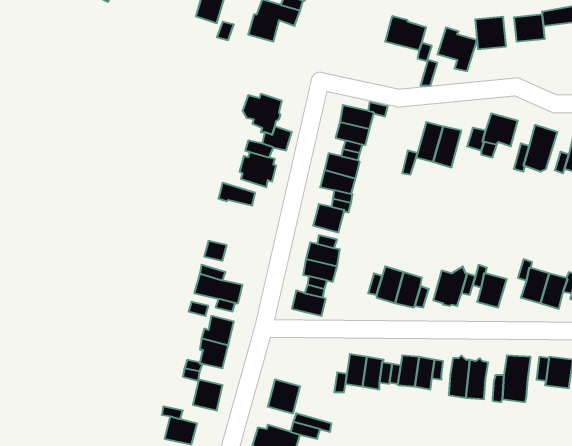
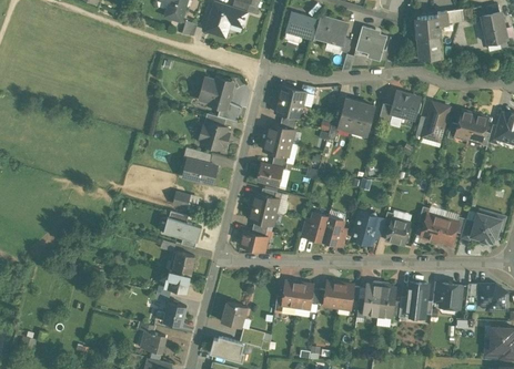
building: none -> [286,13,319,39]
building: [475,17,506,49] -> [417,34,442,60]
building: none -> [182,161,216,184]

